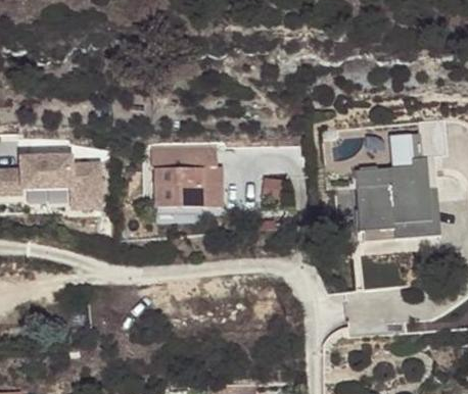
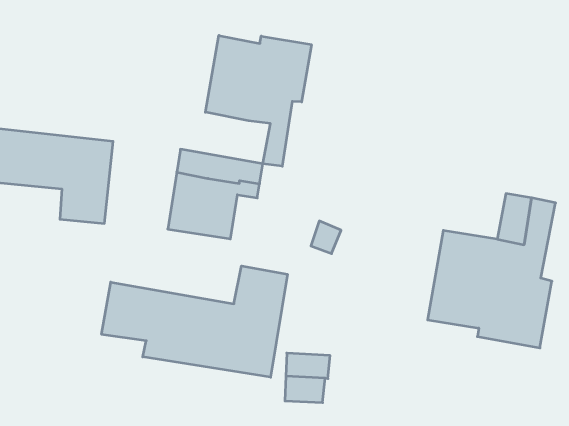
building: none -> [205,35,311,166]
building: none -> [102,266,287,377]

